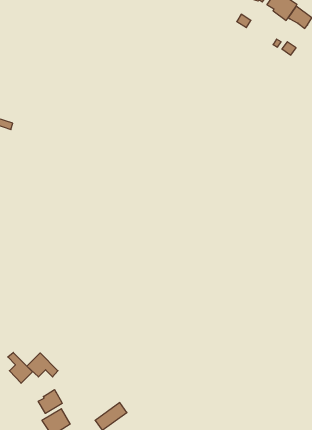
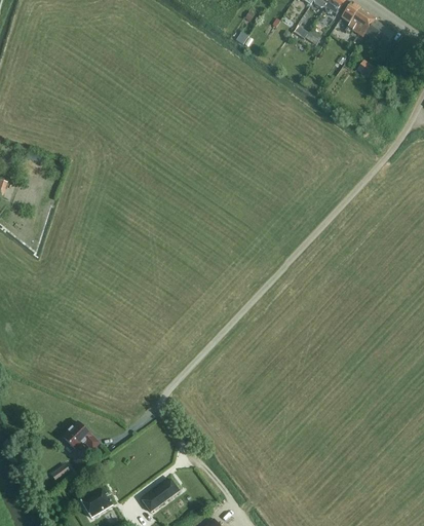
building: [8,352,32,383] -> none
building: [38,390,62,413] -> none

